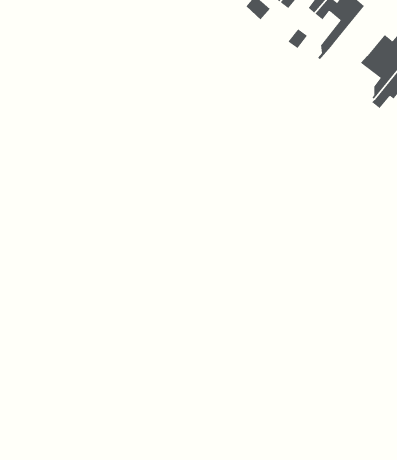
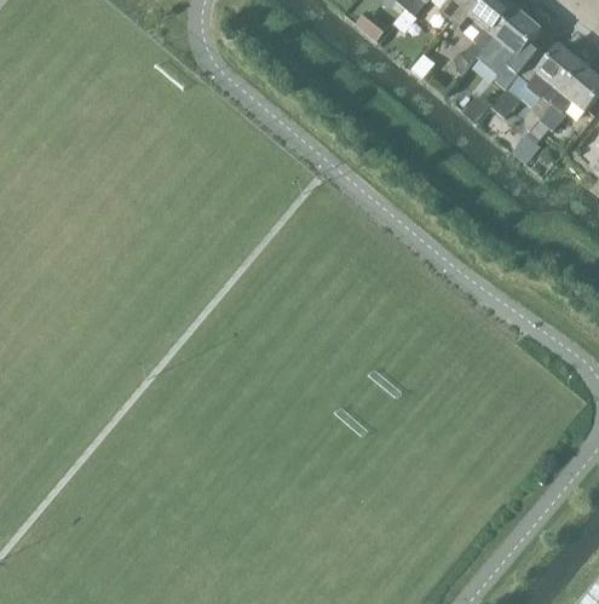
building: none -> [478,10,542,90]

